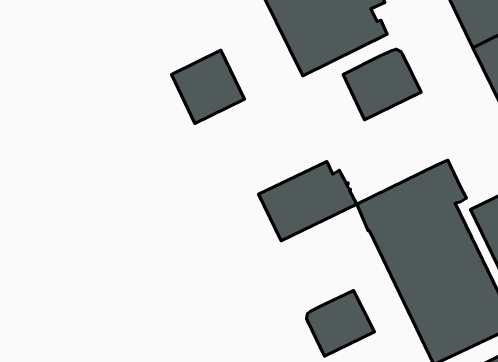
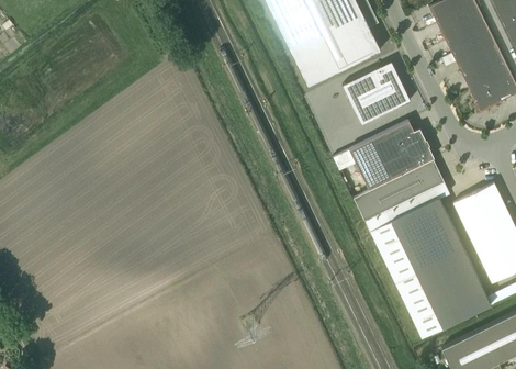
building: [171,50,244,124] -> none
building: [259,161,357,241] -> [349,121,435,190]
building: [307,290,374,356] -> none

